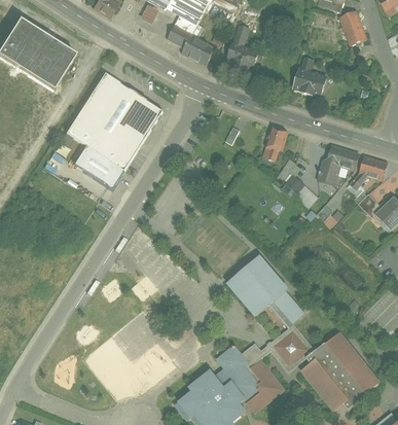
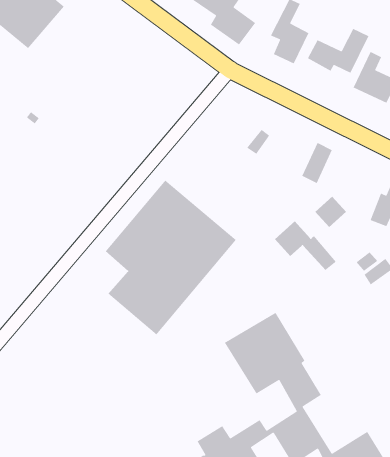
building: none -> [307,28,369,74]
building: [67,73,162,188] -> [105,180,237,336]
building: none -> [274,221,337,271]

